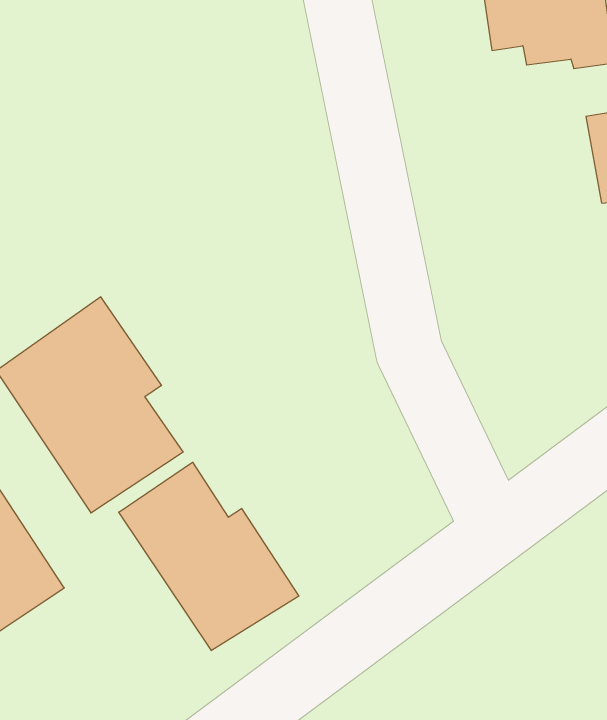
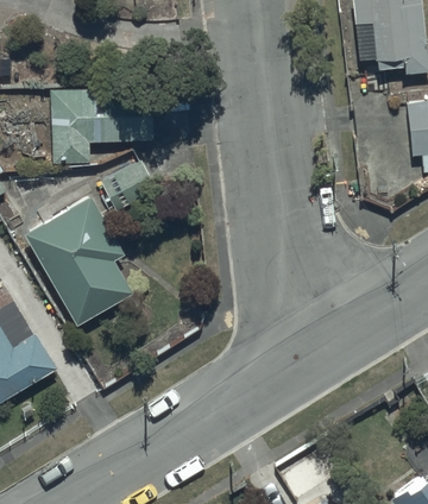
building: none -> [52,92,152,165]
building: [119,462,299,651] -> none

